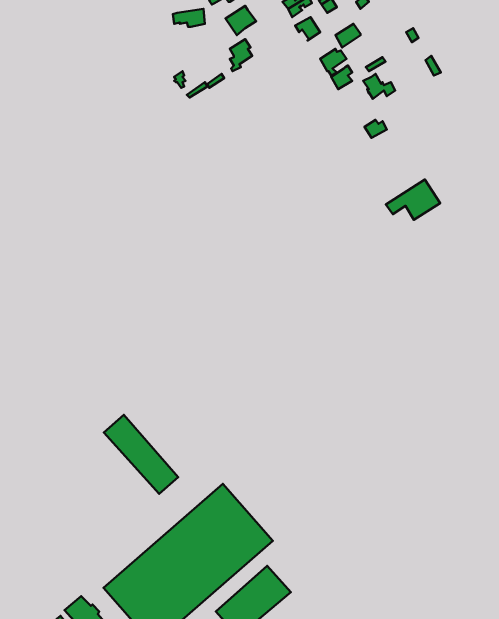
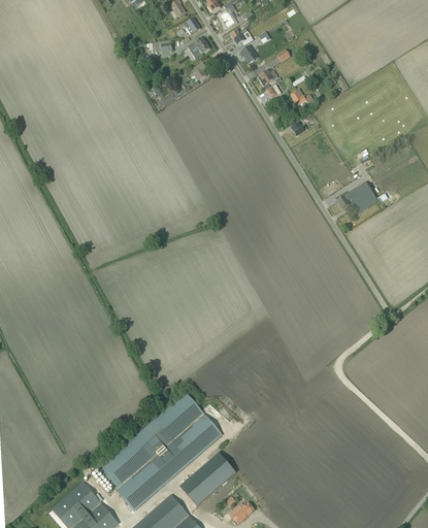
building: [386,179,440,220] -> [337,183,377,212]
building: [104,415,178,494] -> none

